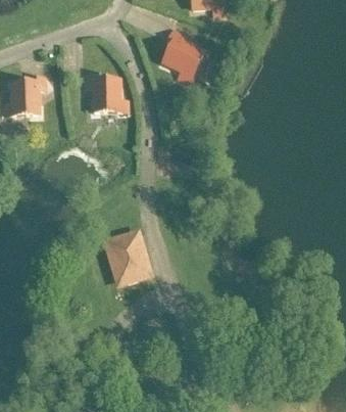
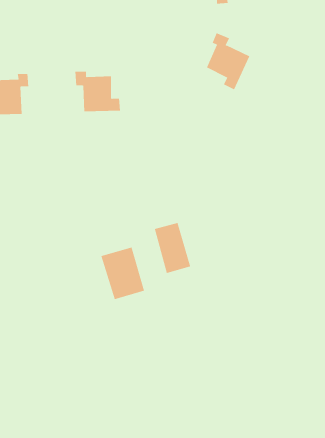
building: [163,31,203,83] -> [206,33,250,90]
building: none -> [154,222,191,274]

